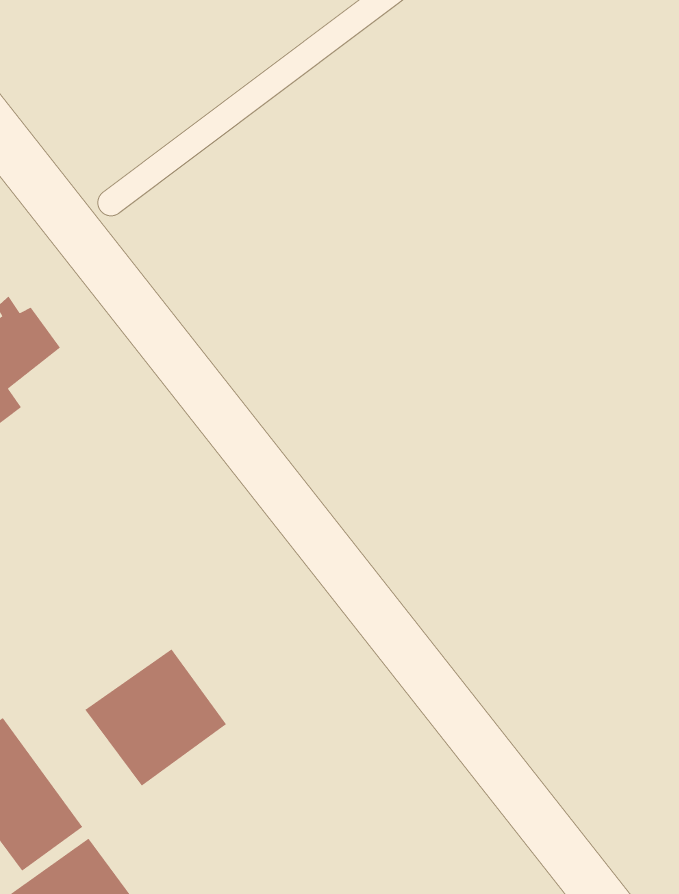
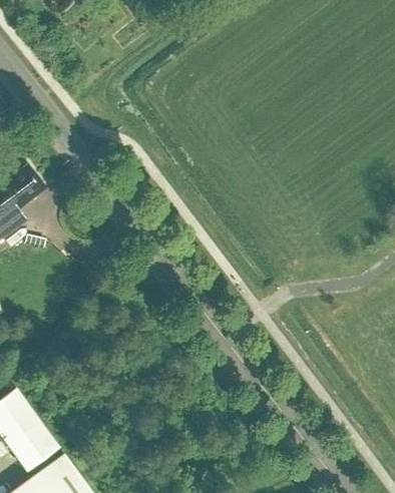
building: [85,648,227,786] -> none

